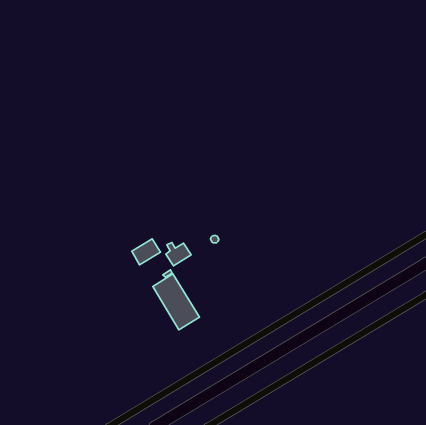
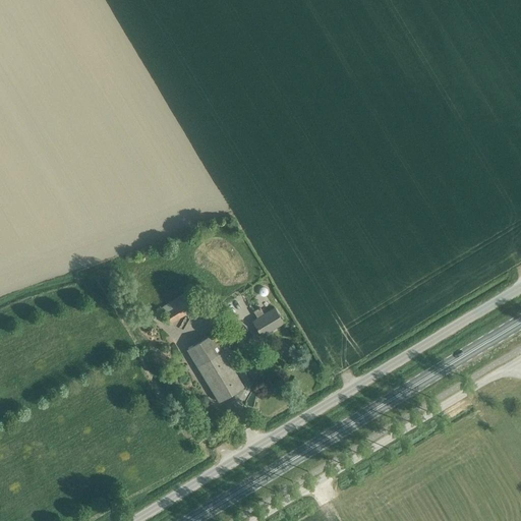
building: [166,242,191,266] -> [252,309,283,338]

